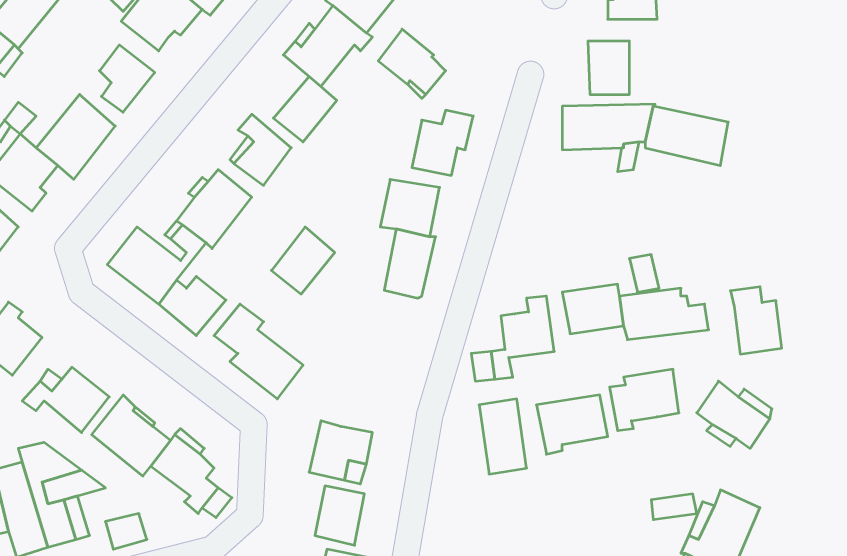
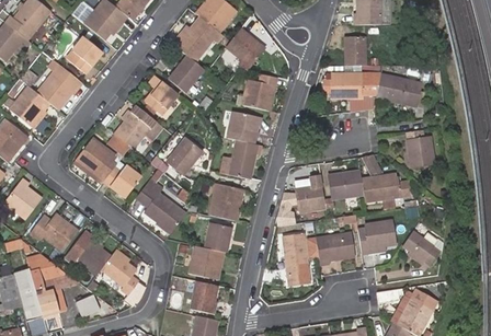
building: [730,287,782,354] -> [404,128,433,165]
building: none -> [209,182,243,221]
building: none -> [205,223,231,253]

